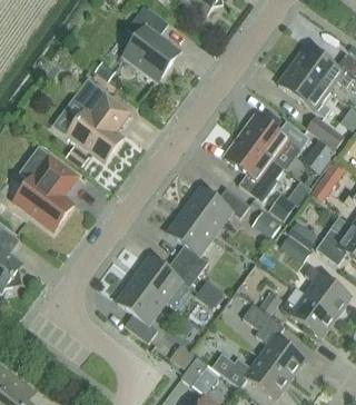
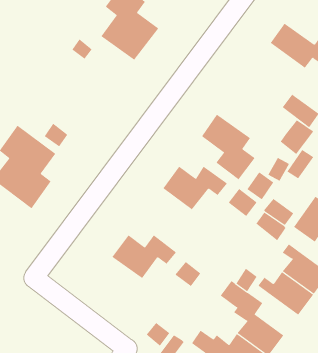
building: [278,63,330,117] -> none
building: [67,77,130,161] -> none
building: [239,113,309,159] -> none
building: [168,209,215,274] -> none
building: [117,278,165,343] -> none

